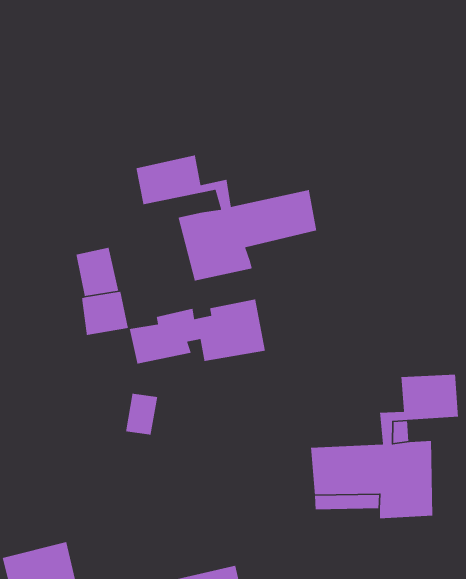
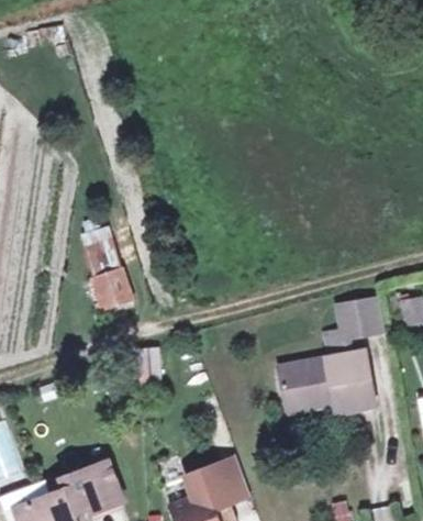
building: [135,155,317,282] -> none
building: [129,298,266,364] -> none

